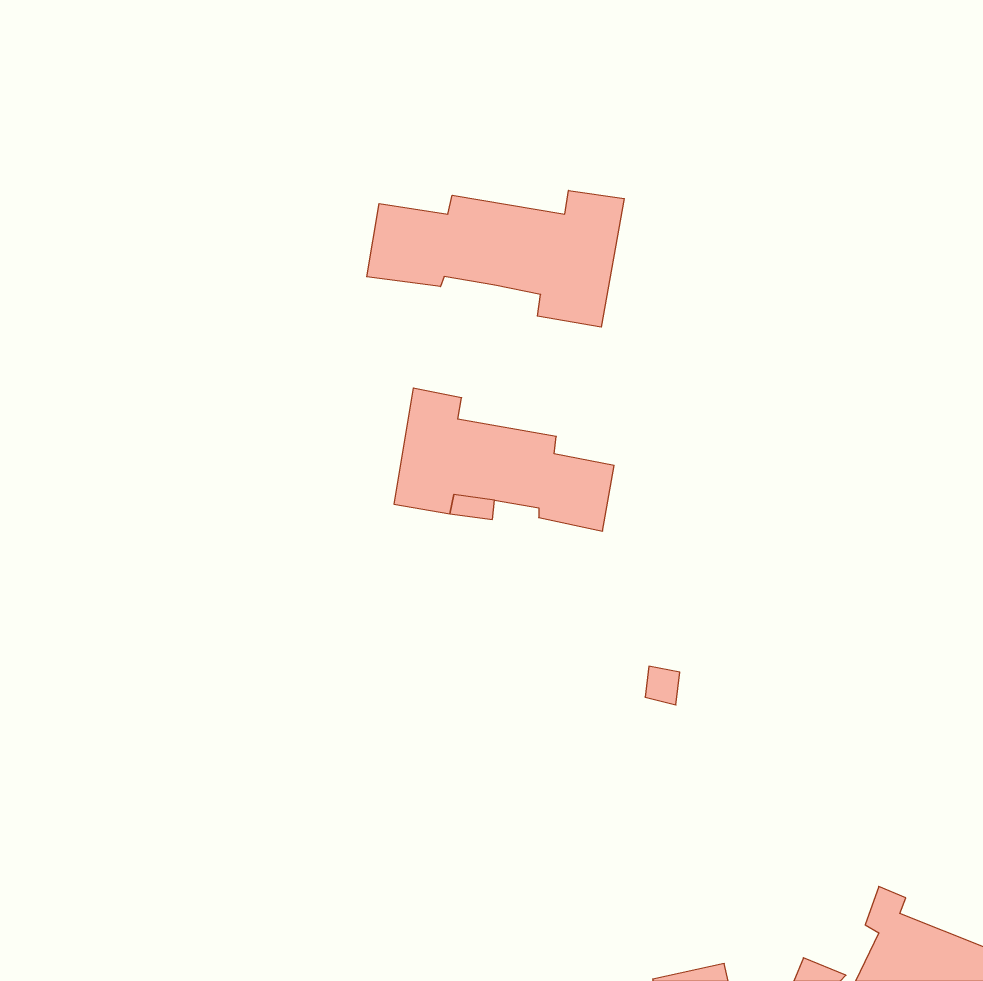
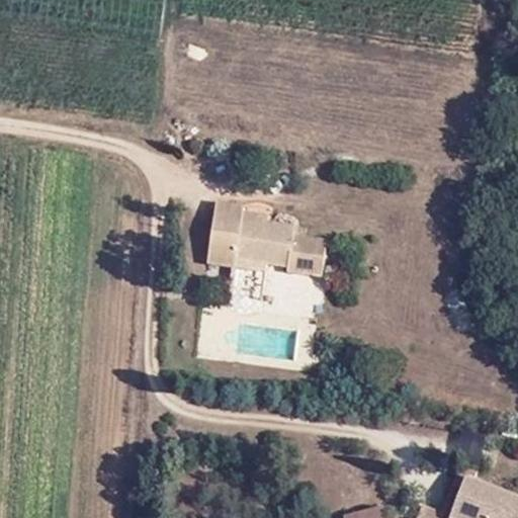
building: [367,190,624,327] -> none

